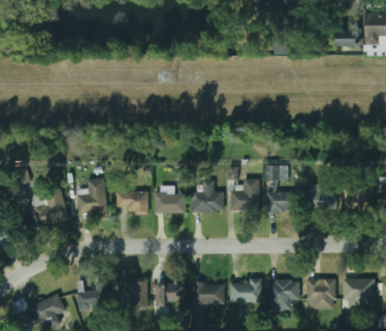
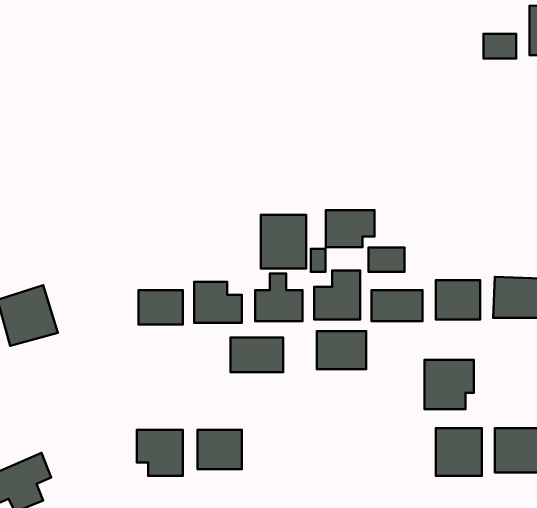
building: none -> [326,210,375,247]
building: none -> [261,215,306,269]
building: [77,179,104,216] -> none
building: [229,278,260,302] -> [317,331,366,369]
building: [266,279,297,310] -> [424,360,474,409]
building: [190,283,223,304] -> [230,338,283,372]
building: [76,287,110,317] -> none

